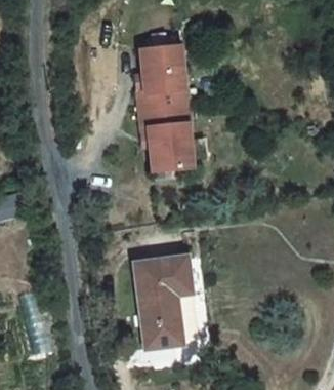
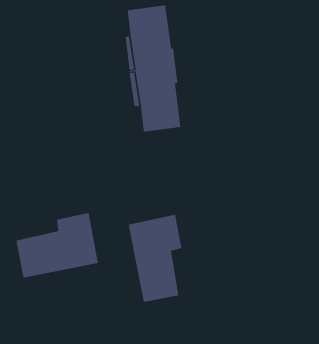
building: none -> [16,212,98,278]

